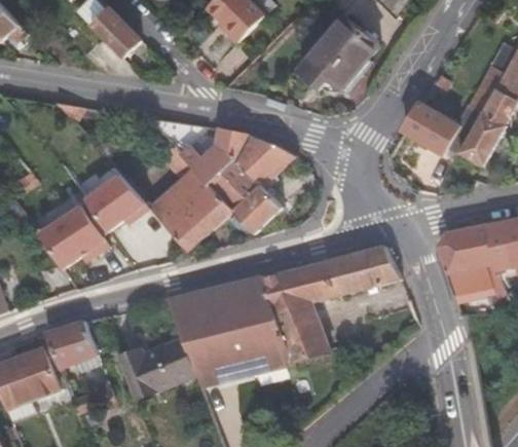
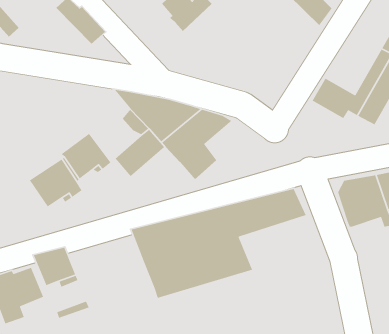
building: [299,17,380,89] -> none
building: [171,191,233,250] -> none
building: [118,337,200,397] -> none

